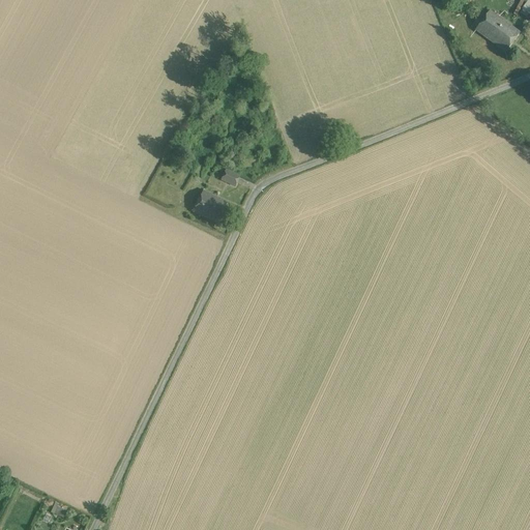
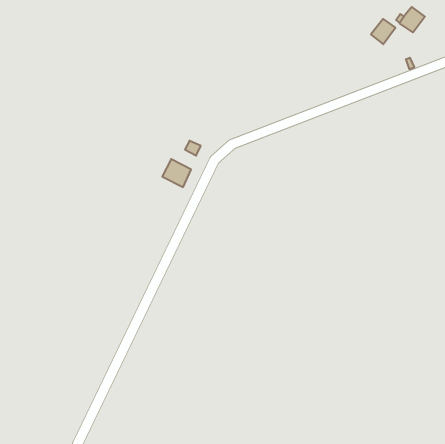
building: [490,20,519,50] -> [371,19,395,44]

